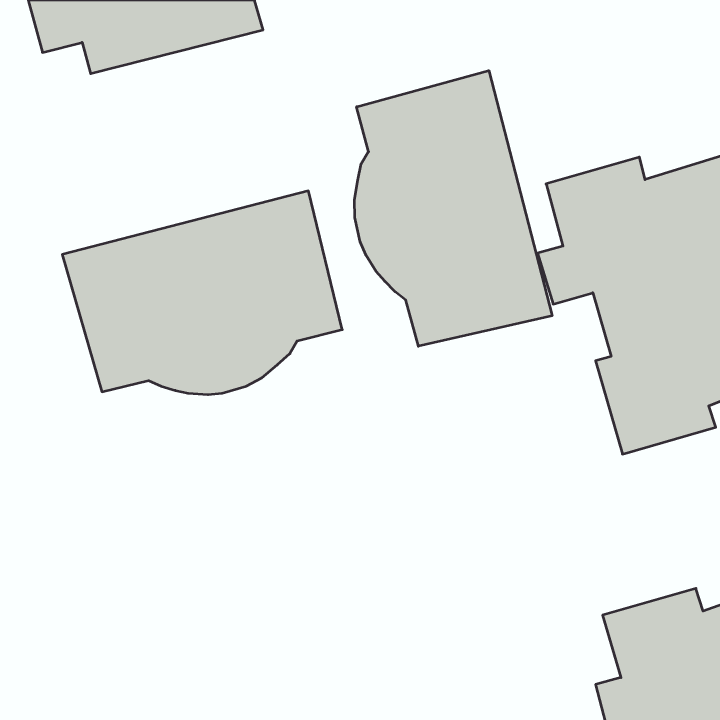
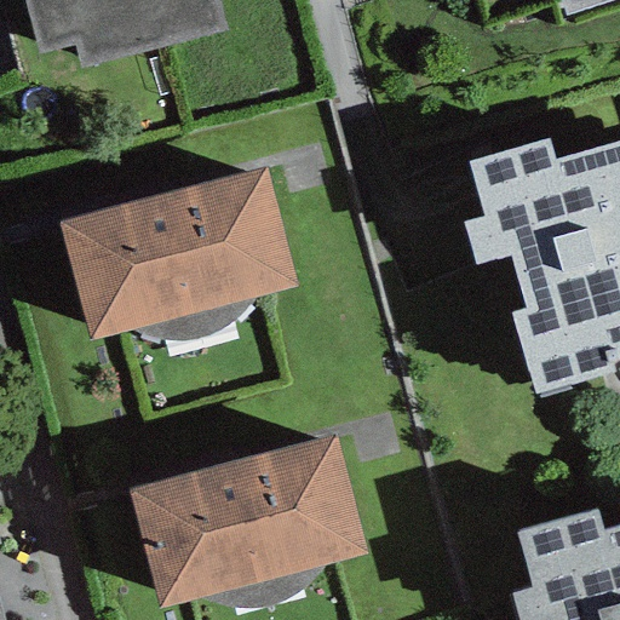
building: [354,71,552,346] -> none
building: none -> [127,434,367,607]

